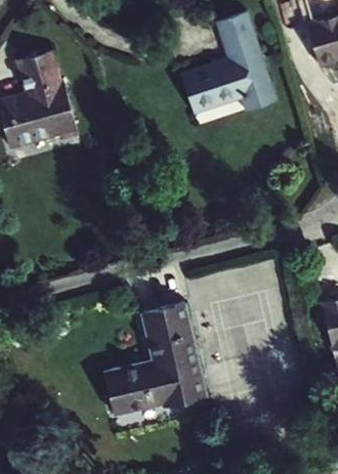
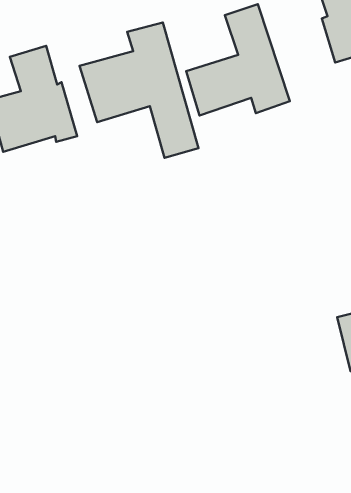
building: none -> [80,23,199,158]
building: [103,304,206,415] -> none

